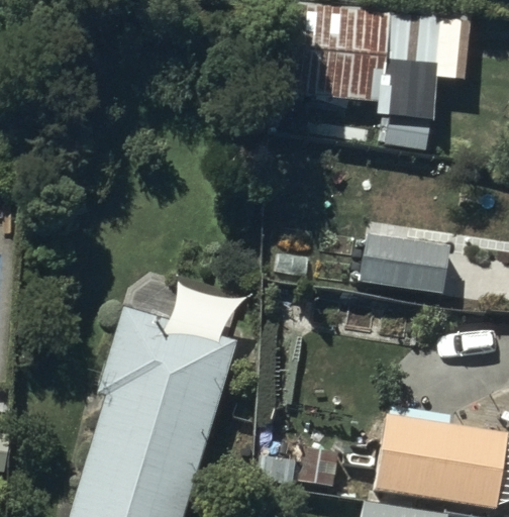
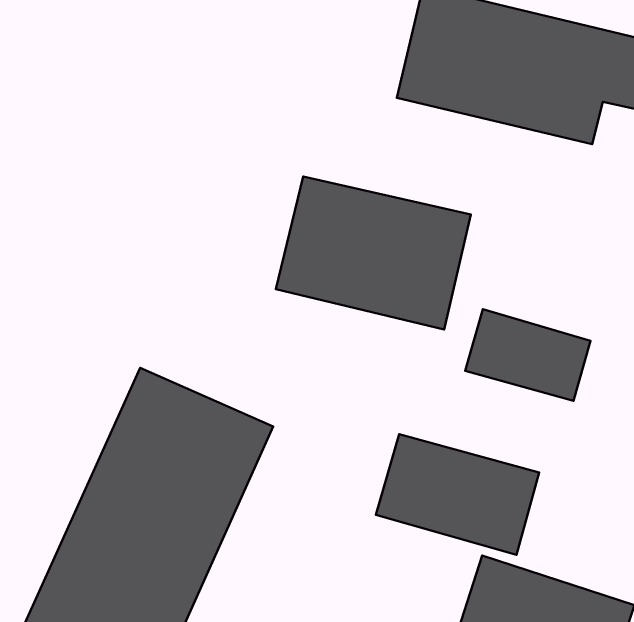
building: none -> [276,177,471,329]
building: none -> [376,434,539,555]

